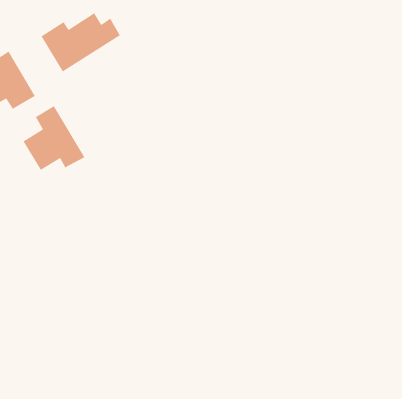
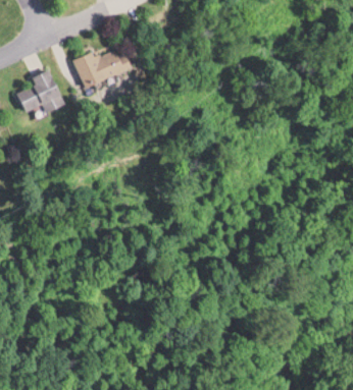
building: [23,105,85,171] -> none

